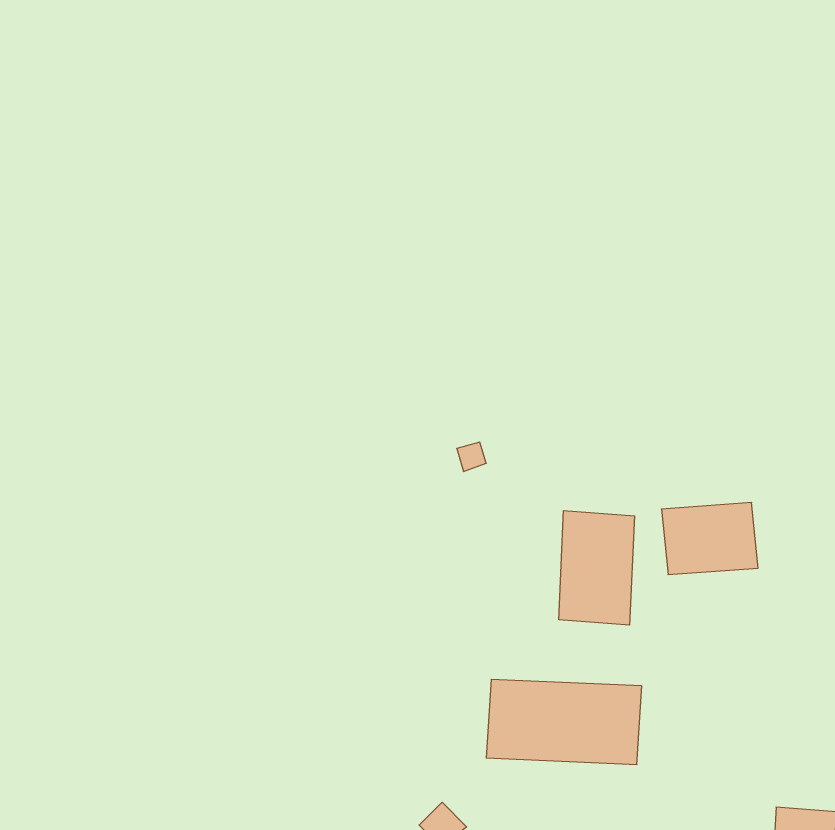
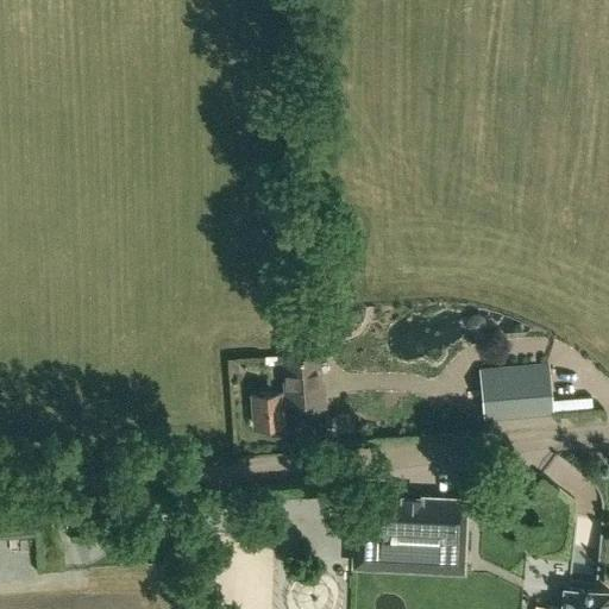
building: none -> [252,356,325,431]
building: [559,511,634,625] -> none

